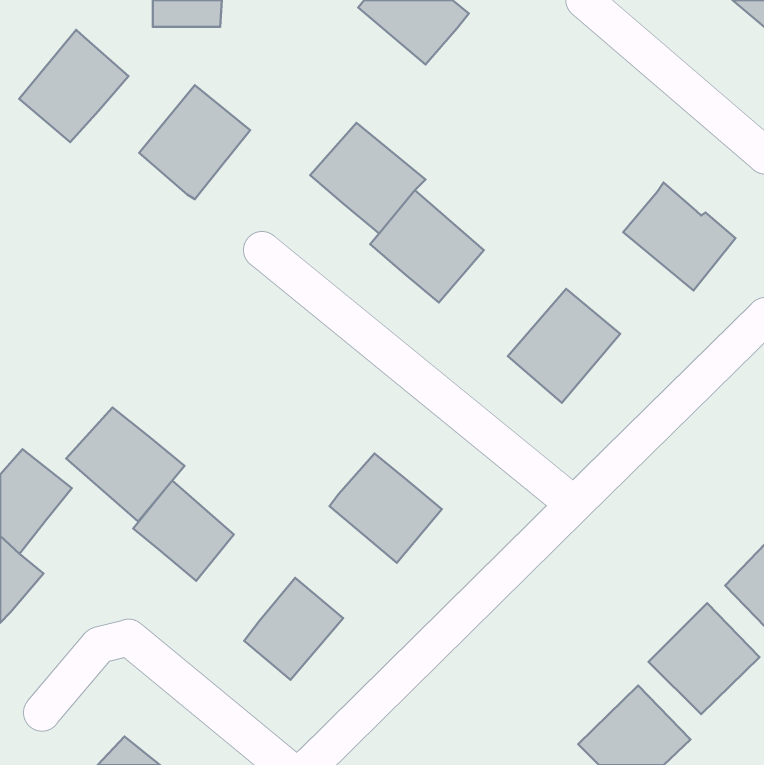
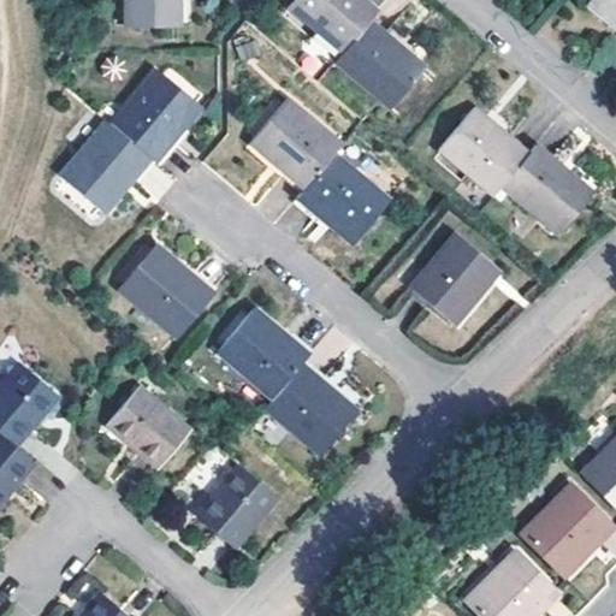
building: none -> [336,23,426,107]
building: [19,30,129,142] -> [64,119,152,209]
building: none -> [439,109,529,195]
building: none -> [218,308,309,397]
building: [66,408,185,521] -> [117,244,212,336]

